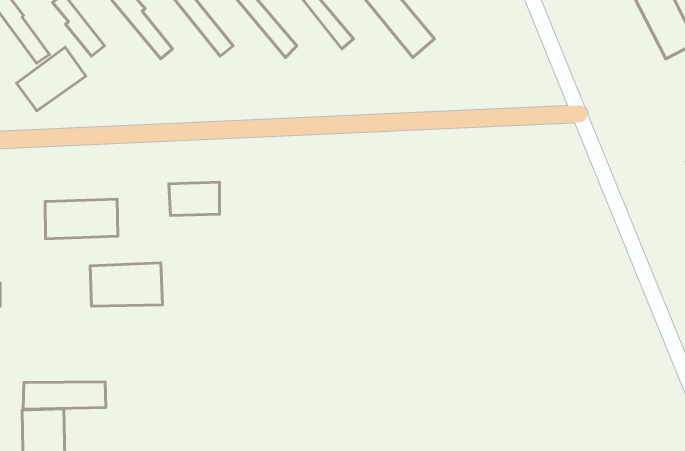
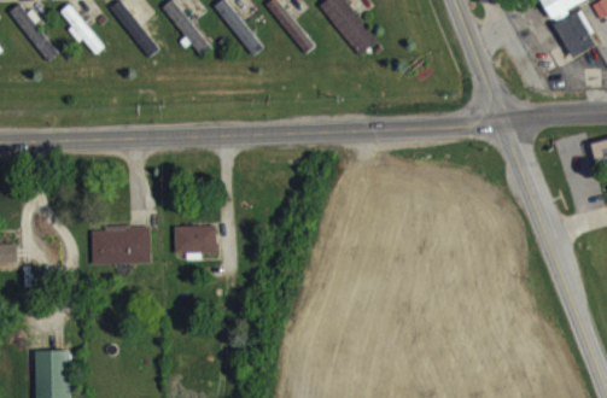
building: [16,47,86,111] -> none
building: [169,182,220,215] -> [174,224,216,252]
building: [45,199,118,239] -> none
building: [23,382,106,409] -> none

